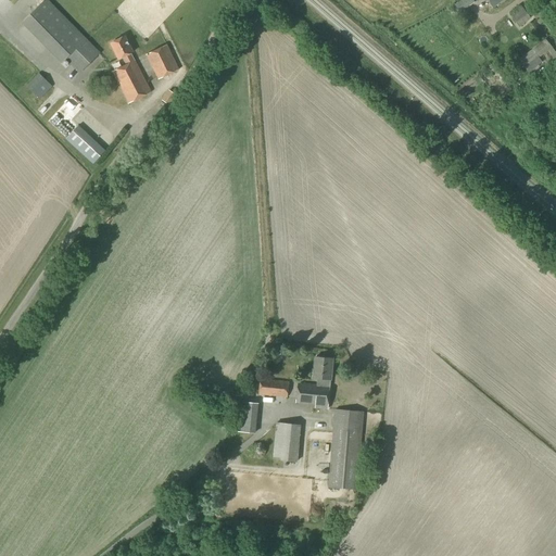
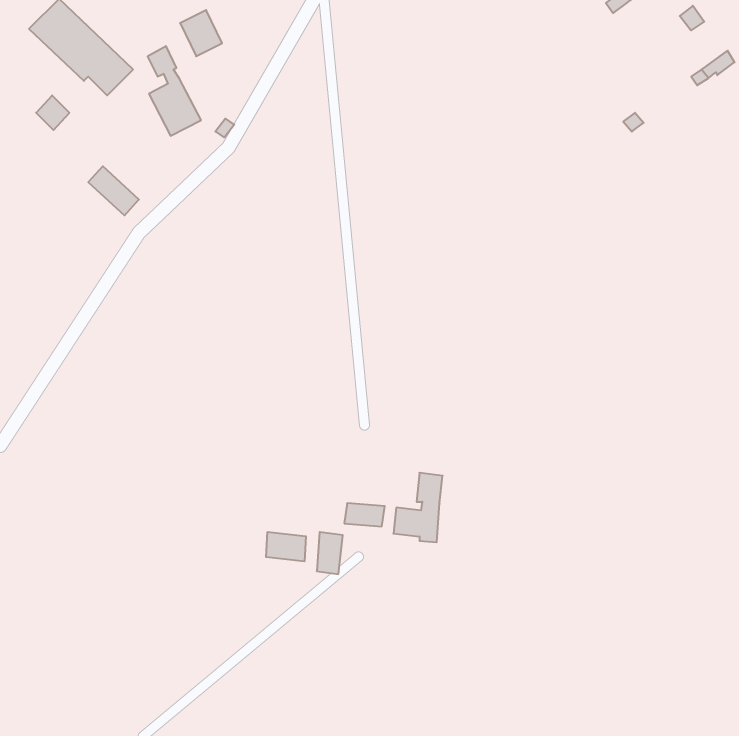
building: [147,43,178,78] -> [180,10,222,56]
building: none -> [266,532,306,561]
building: [328,408,363,488] -> none
building: [273,421,300,459] -> none

